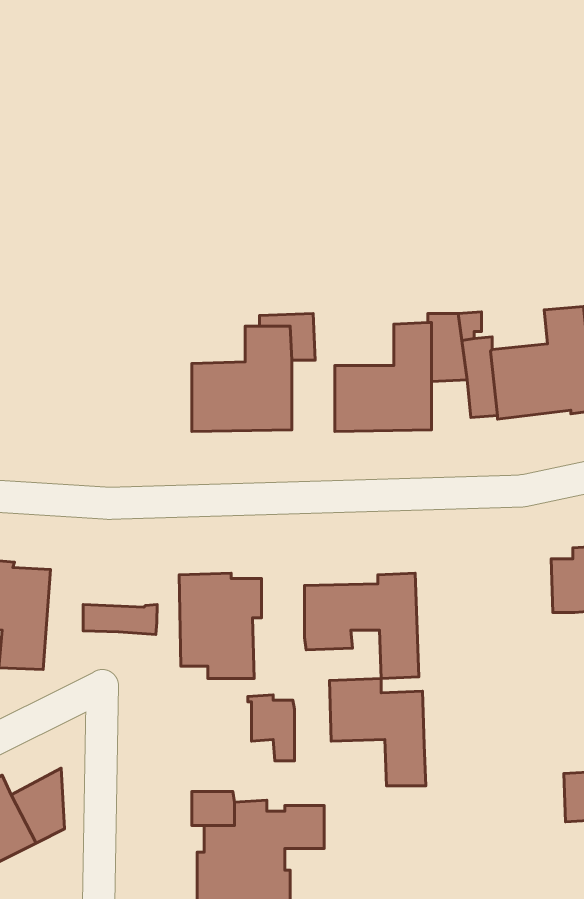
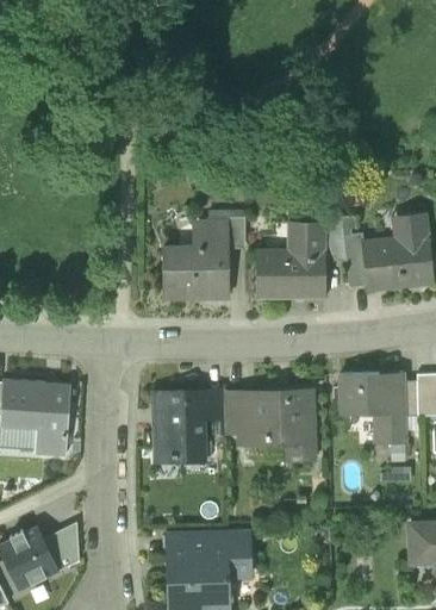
building: [83,605,157,635] -> none
building: [329,679,426,786] -> [341,372,405,443]
building: [248,695,295,761] -> [207,388,238,432]

